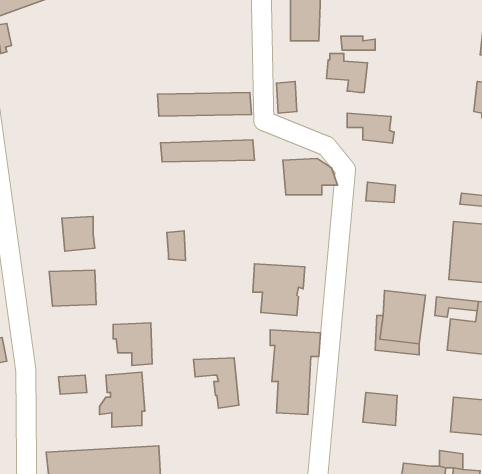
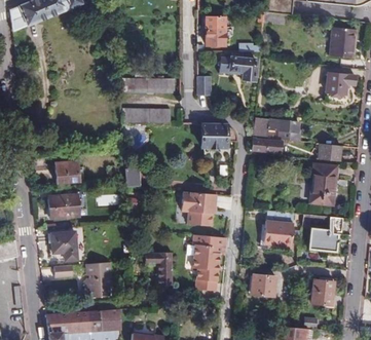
building: [347,113,394,143] -> [270,121,301,141]
building: [113,323,152,365] -> [50,232,76,260]

